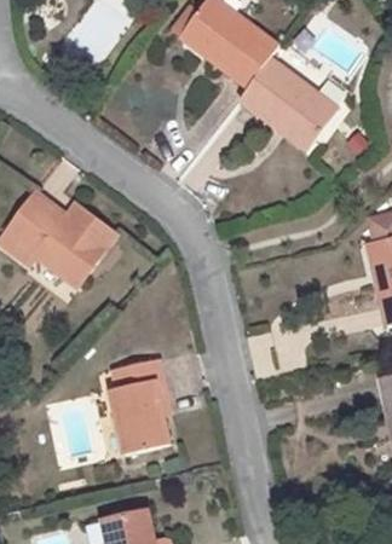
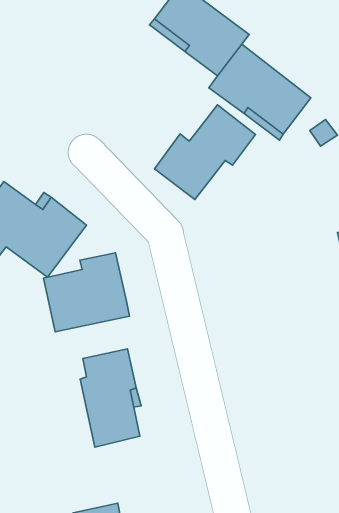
building: none -> [155,105,255,200]
building: none -> [44,253,130,332]

